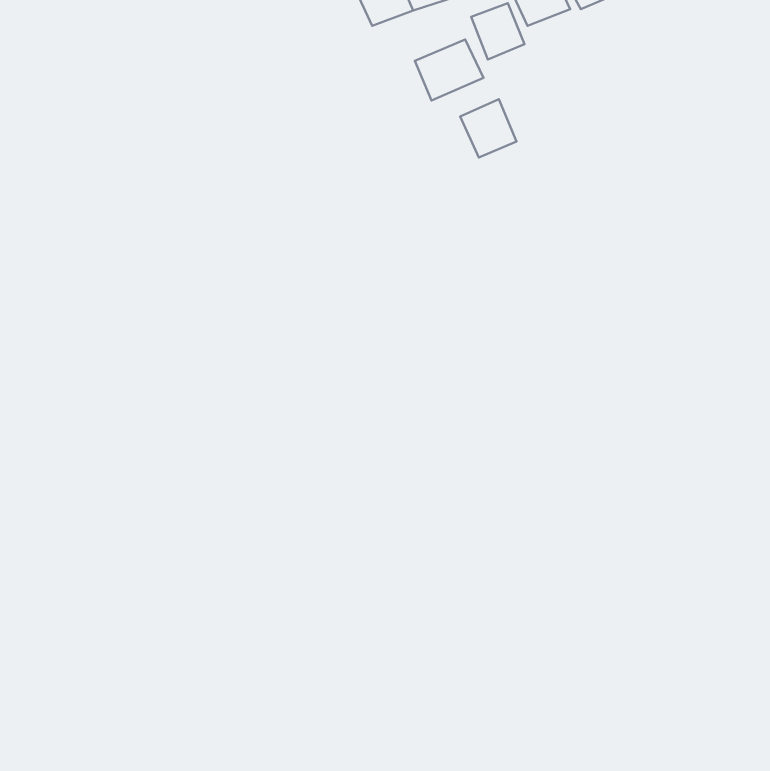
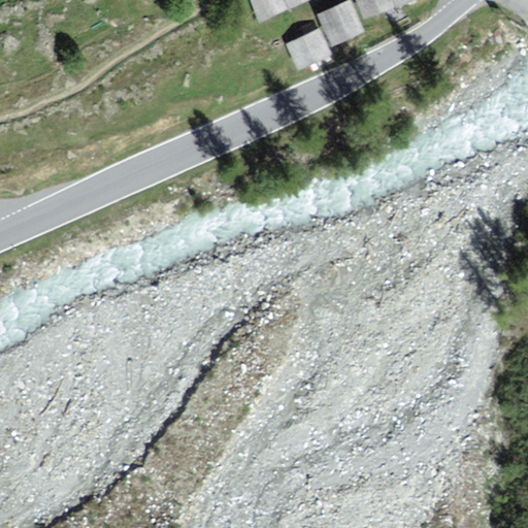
building: [460,99,517,157] -> none

